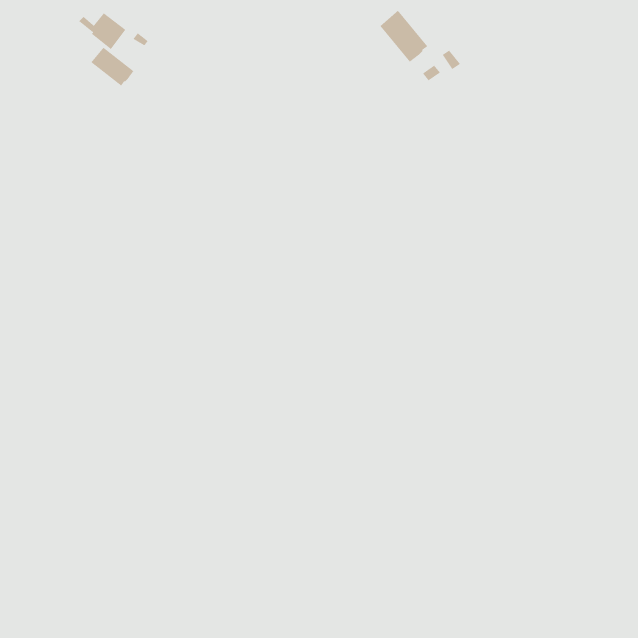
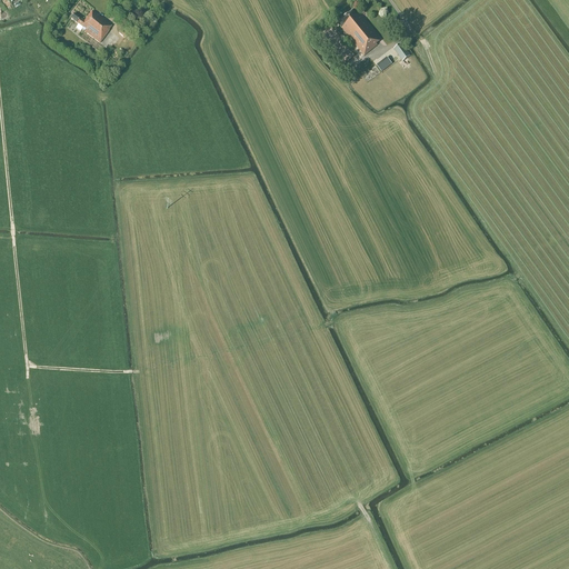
building: [91,47,134,86] -> none

